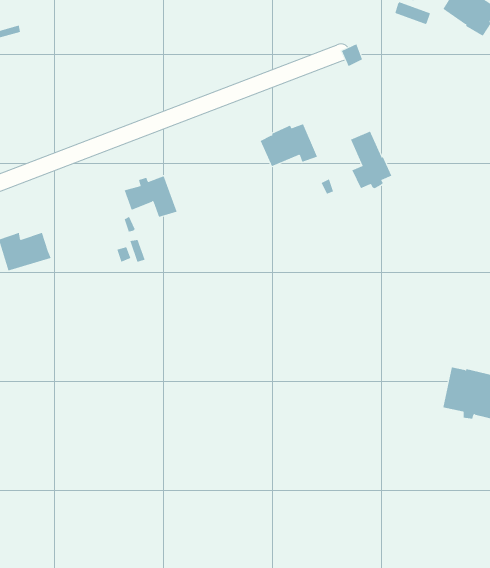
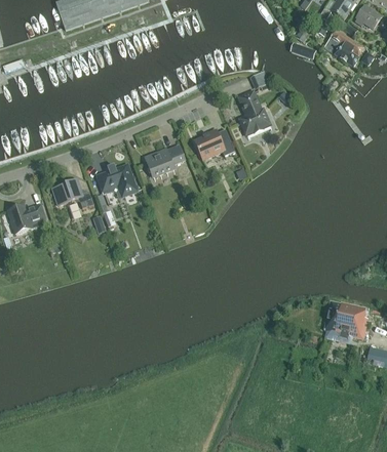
building: [350,131,392,189] -> [238,91,268,132]
building: none -> [145,146,184,175]
building: none -> [53,178,93,208]

